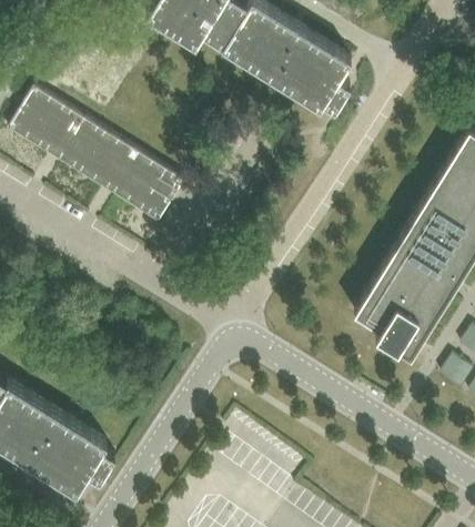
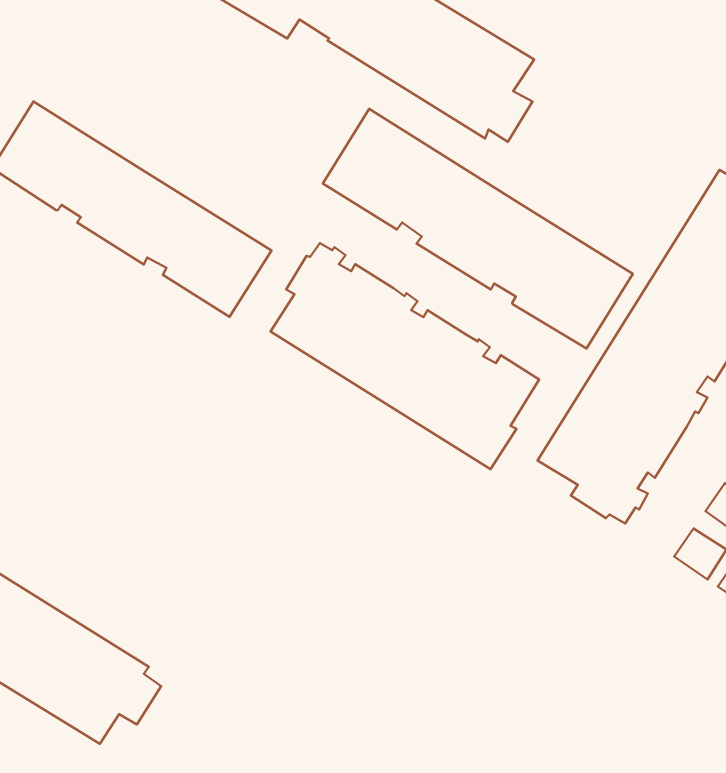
building: none -> [323,109,633,349]
building: none -> [271,243,539,469]

